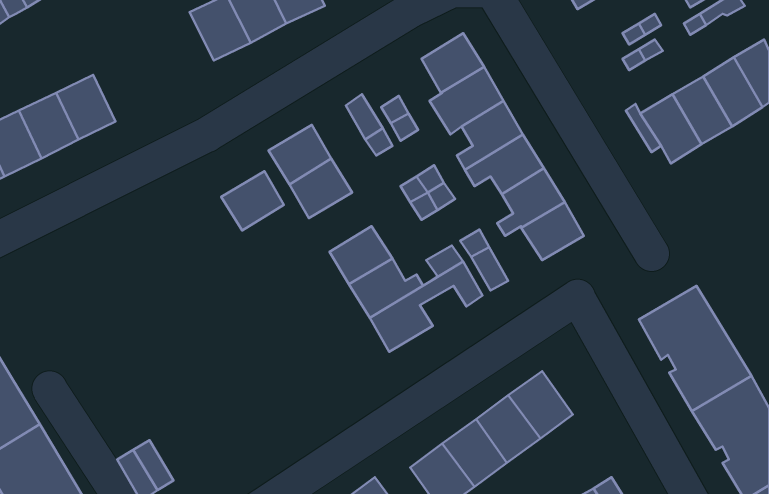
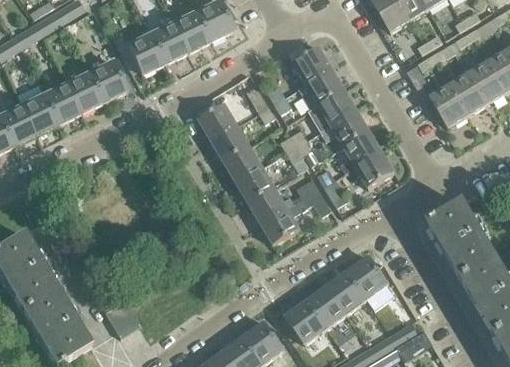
building: none -> [126,33,164,74]
building: none -> [89,61,126,101]
building: [221,171,284,231] -> [223,145,262,182]

